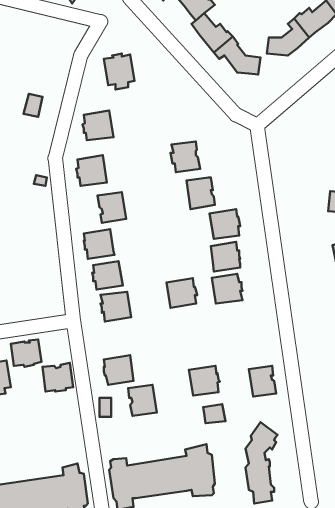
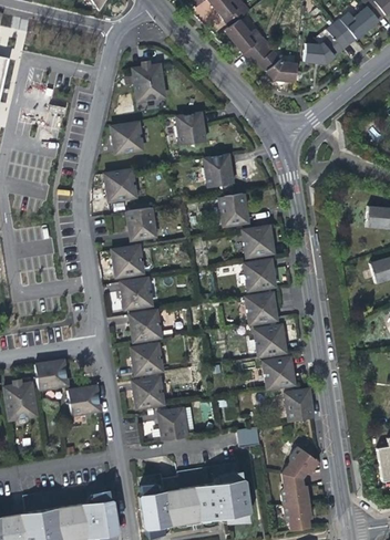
building: none -> [175,112,206,145]
building: [166,278,197,308] -> [255,324,287,355]
building: none -> [131,344,163,375]
building: [189,366,220,395] -> [264,356,296,387]

